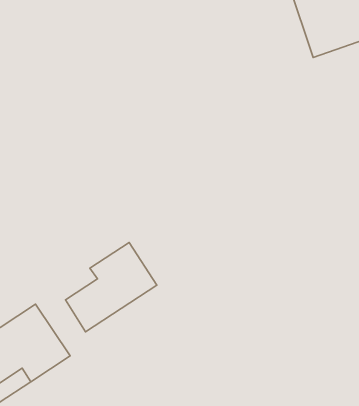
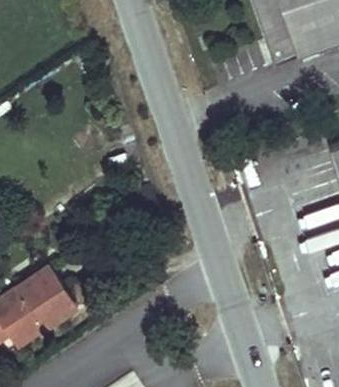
building: [65,242,157,332] -> none

